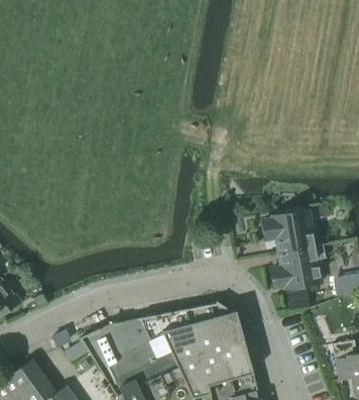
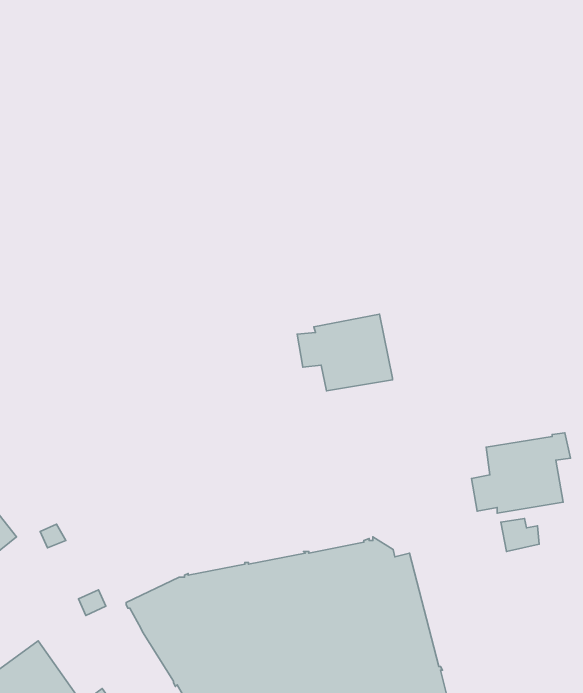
building: [263,210,316,253] -> [297,314,392,391]

